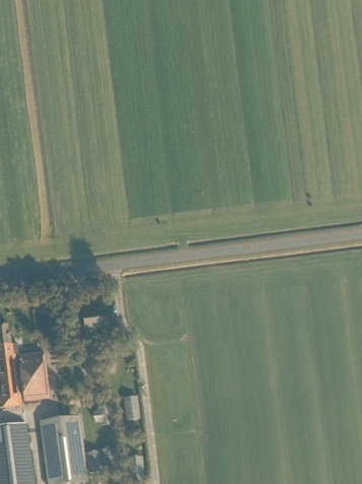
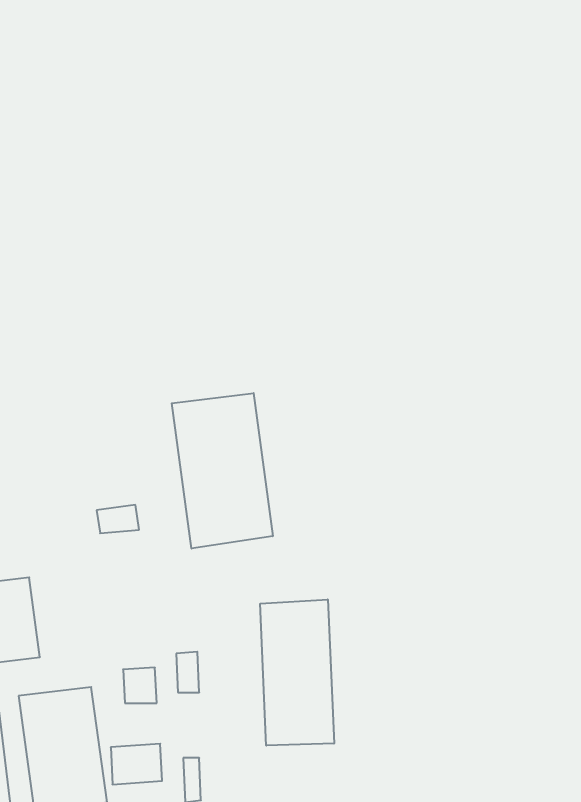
building: none -> [172,393,273,549]
building: none -> [260,599,334,746]

